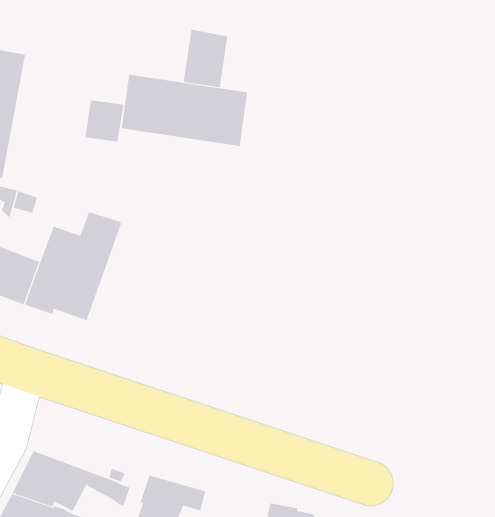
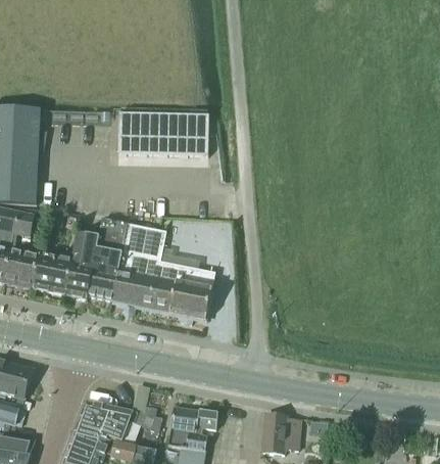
building: [183,29,228,88] -> none
building: [85,99,124,142] -> none
building: none -> [112,225,215,323]

